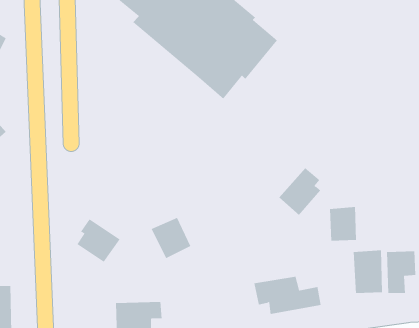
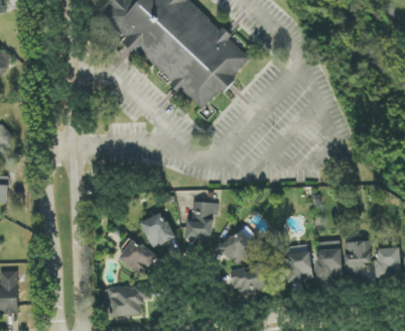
building: [278,167,321,216] -> [219,223,256,265]
building: none -> [185,201,215,239]
building: [329,207,357,241] -> [287,250,311,281]
building: [77,219,120,263] -> [118,236,156,274]

